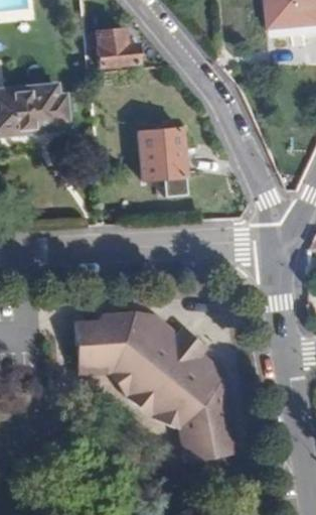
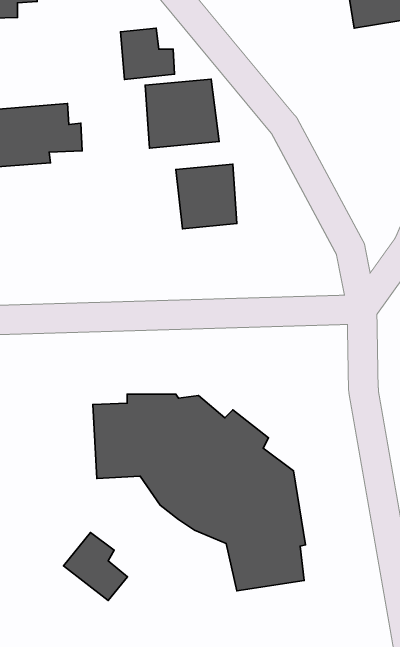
building: none -> [145,79,219,148]
building: none -> [64,532,128,601]

